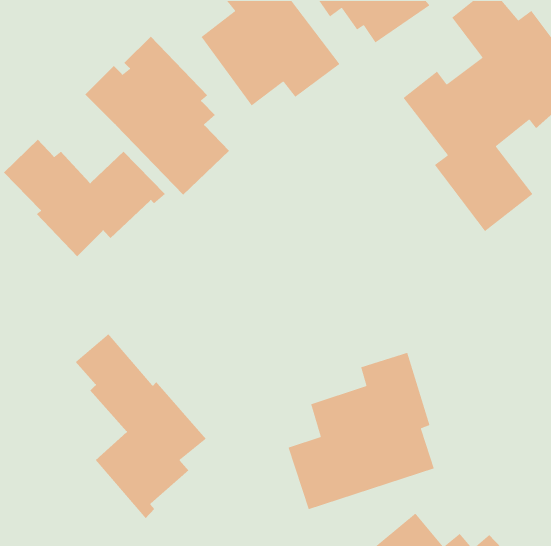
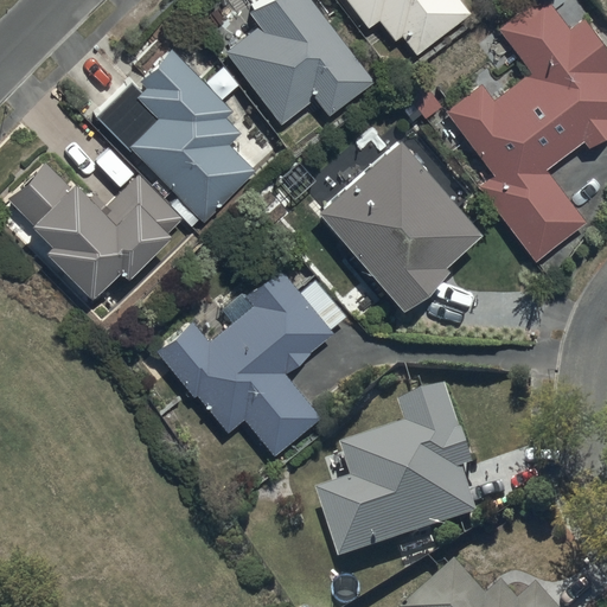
building: none -> [318,138,480,304]
building: none -> [154,267,345,454]
building: [75,333,207,519] -> none

